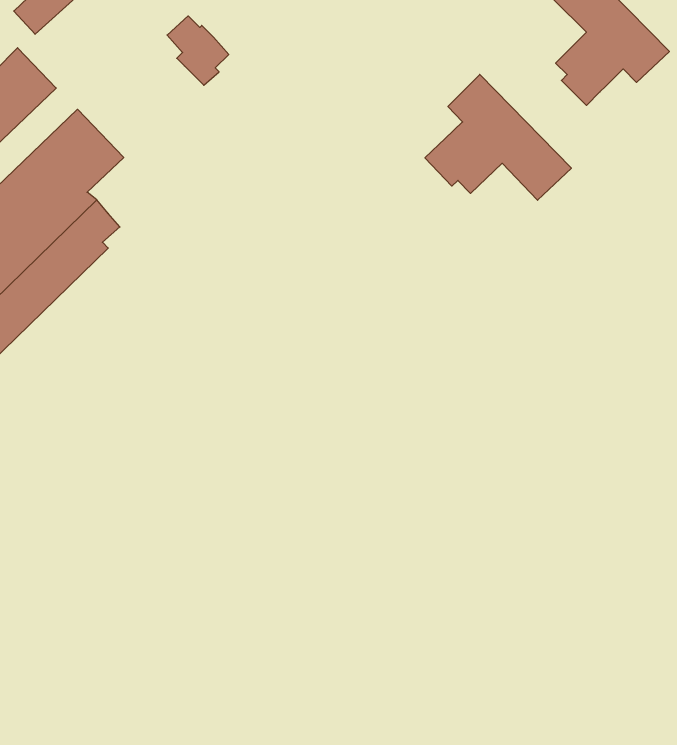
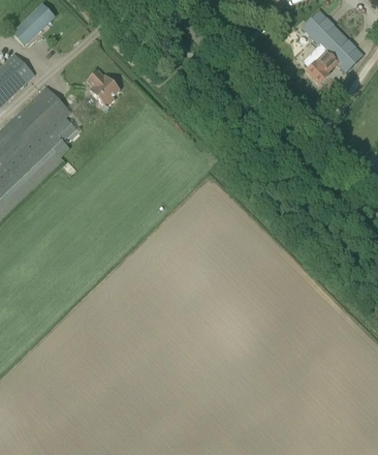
building: [167,16,229,85] -> [87,68,120,105]
building: [425,74,571,200] -> none

